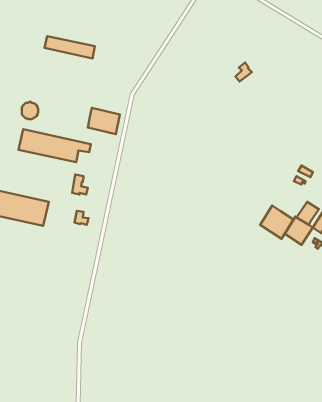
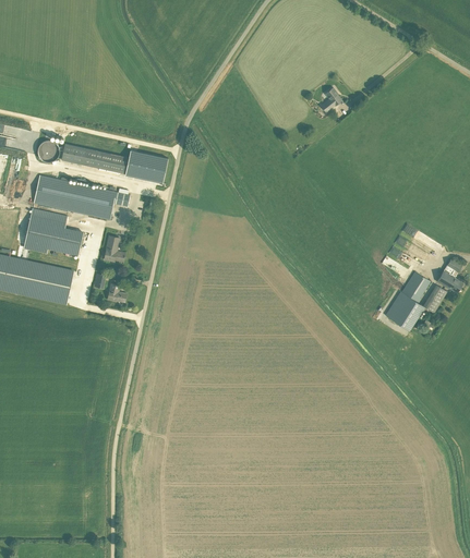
building: [45,36,95,58] -> [61,144,128,173]
building: none -> [24,214,83,254]
building: [260,206,294,239] -> none

